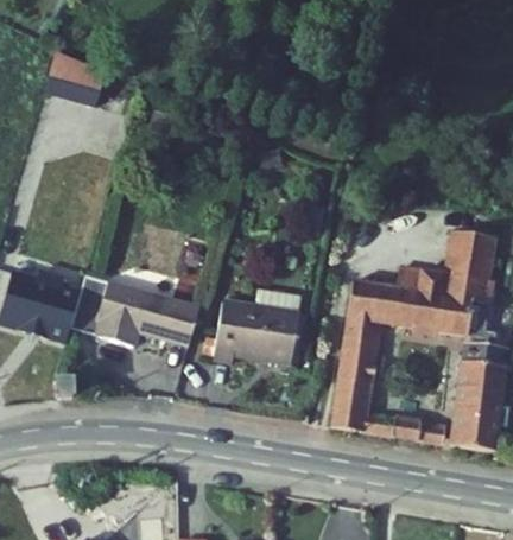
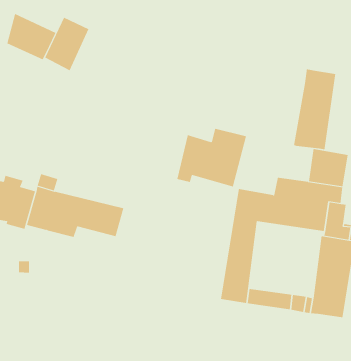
building: none -> [44,17,89,71]
building: none -> [294,68,336,150]
building: [208,293,302,371] -> [176,128,247,187]

